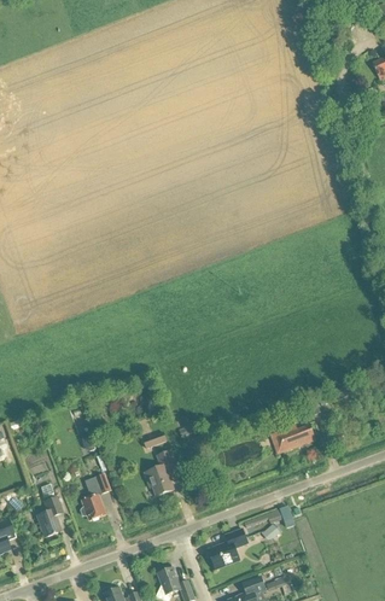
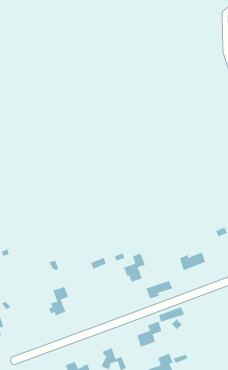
building: [145,450,179,495] -> [123,253,146,283]
building: none -> [145,280,173,299]
building: [36,497,62,537] -> none

